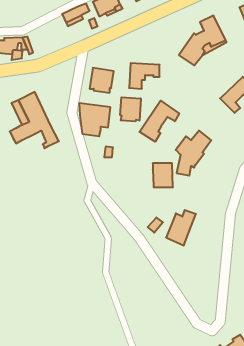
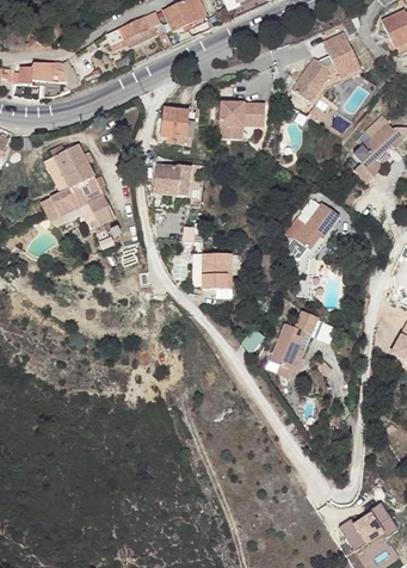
building: [120,97,141,121] -> none
building: [139,101,179,142] -> none
building: [153,163,173,187] -> [201,253,230,289]

